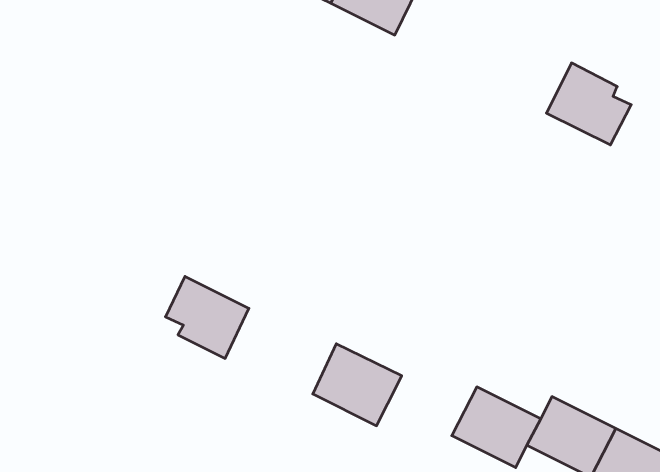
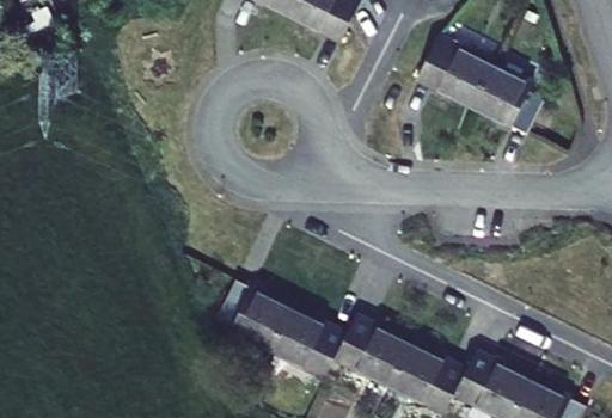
building: none -> [416,38,492,109]
building: [165,276,249,358] -> [219,279,290,350]
building: none -> [335,316,411,386]

